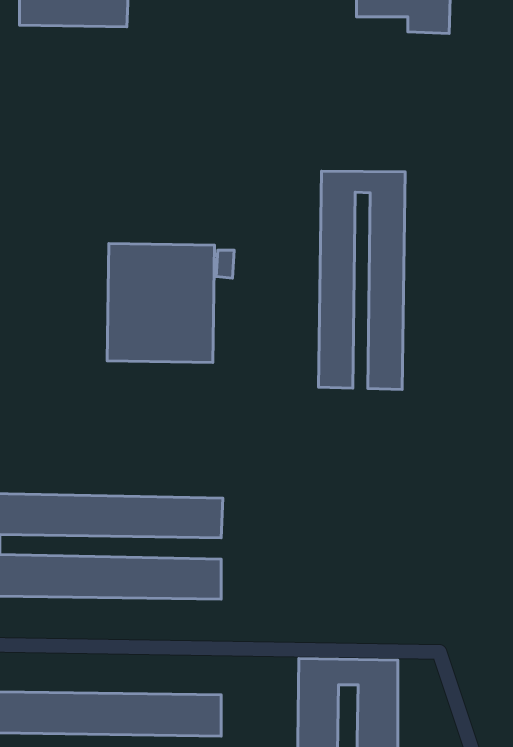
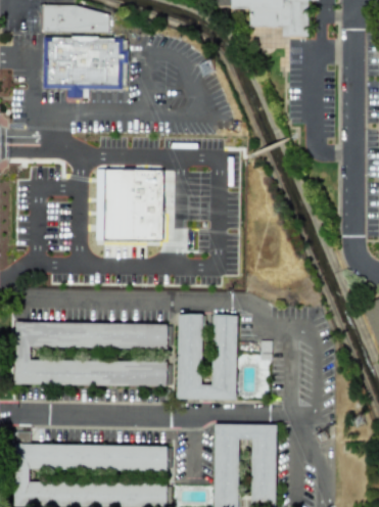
building: none -> [43,36,123,88]
building: [319,171,405,390] -> none
building: none -> [177,313,238,400]

